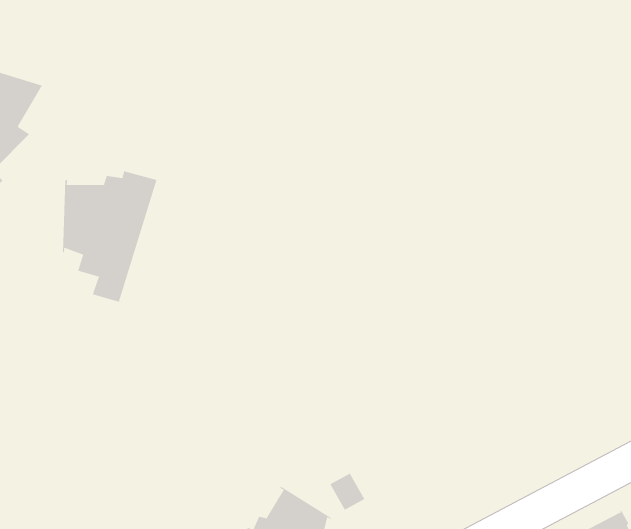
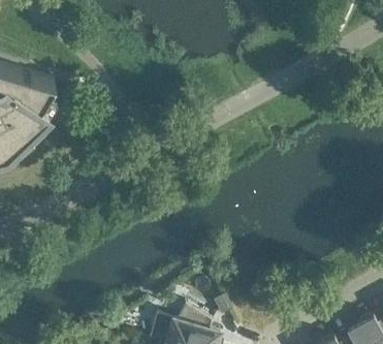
building: [62,171,157,302] -> none

